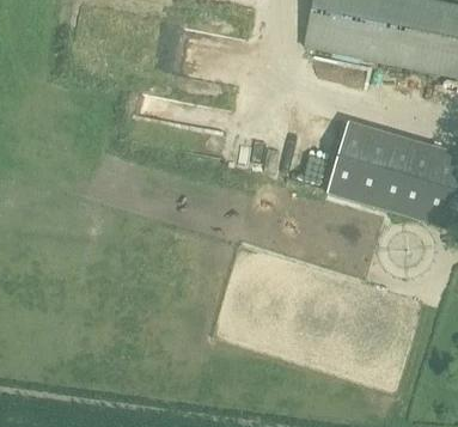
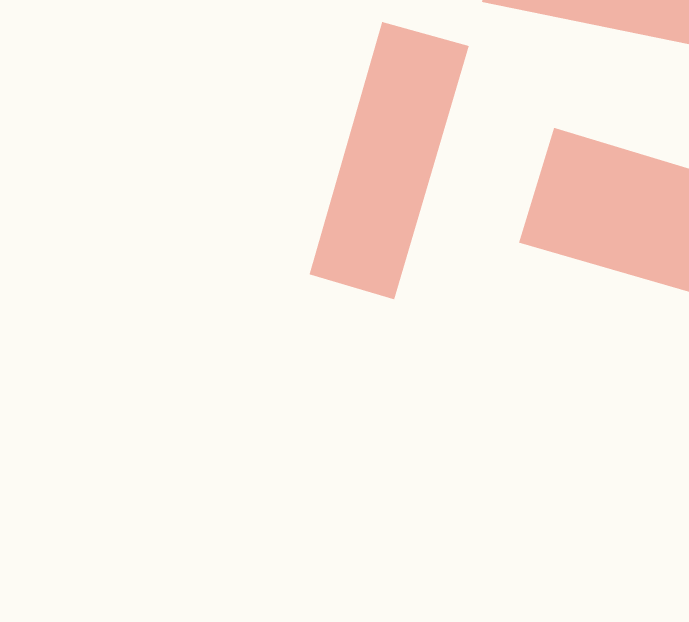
building: none -> [309,21,470,300]

